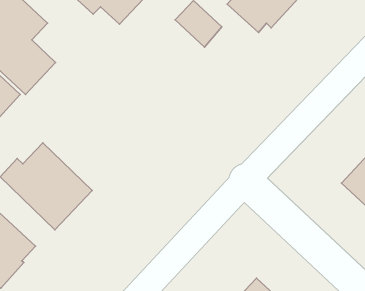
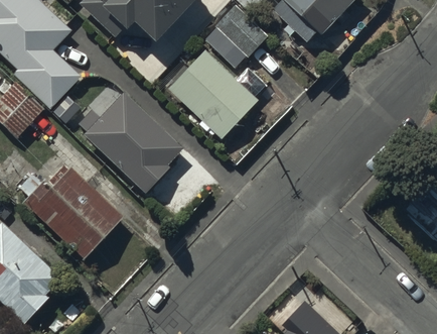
building: none -> [167,48,259,138]
building: none -> [85,91,182,190]

